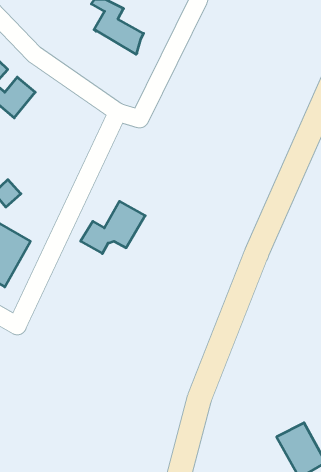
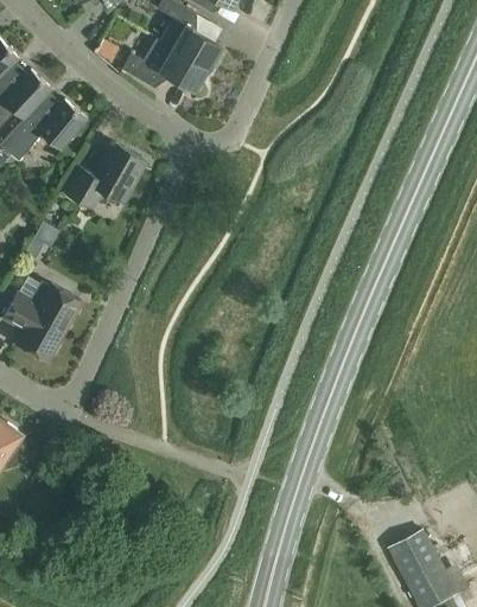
building: none -> [122,38,212,91]
building: [81,201,145,254] -> [65,143,146,209]

